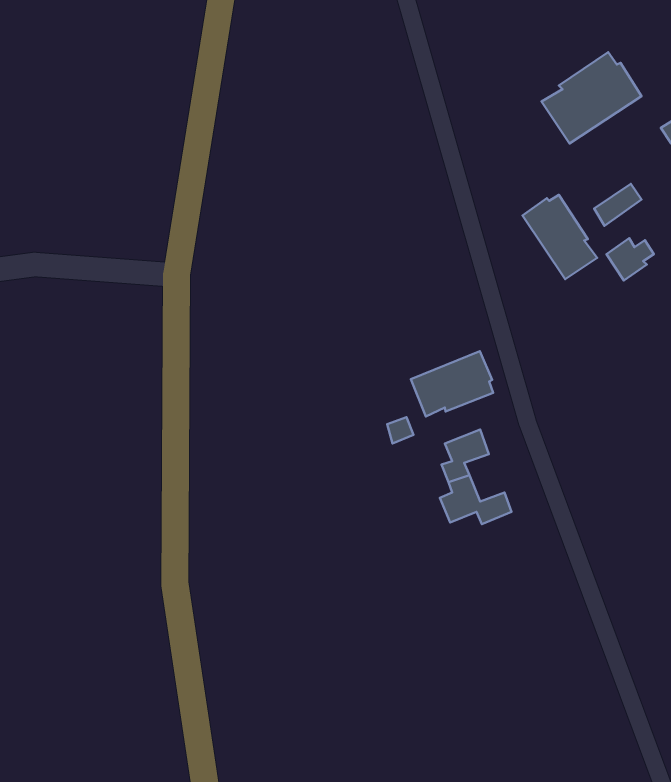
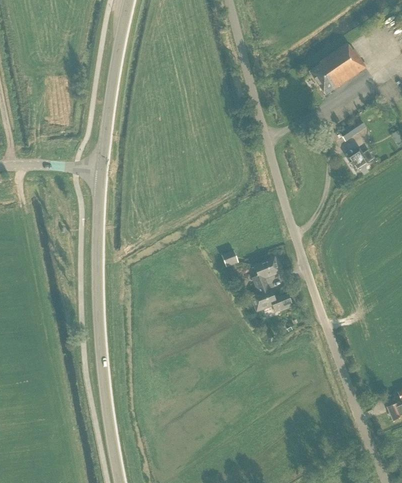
building: [523,195,597,279] -> none
building: [411,351,493,416] -> none

